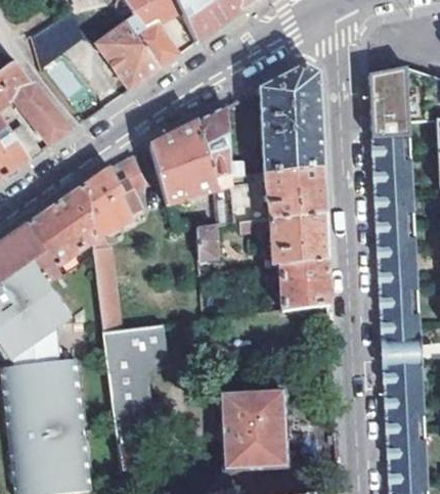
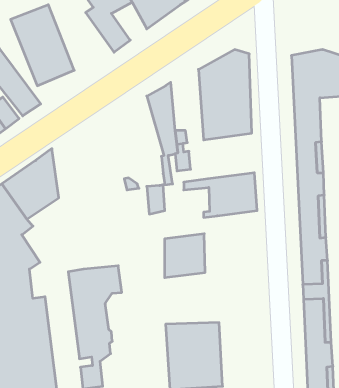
building: [96,21,159,89] -> none
building: [151,121,218,207] -> none
building: [85,156,146,329] -> none
building: [265,165,325,219] -> none
building: [281,257,329,309] -> [165,234,205,278]

